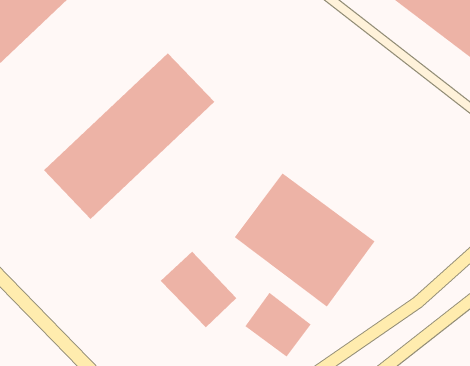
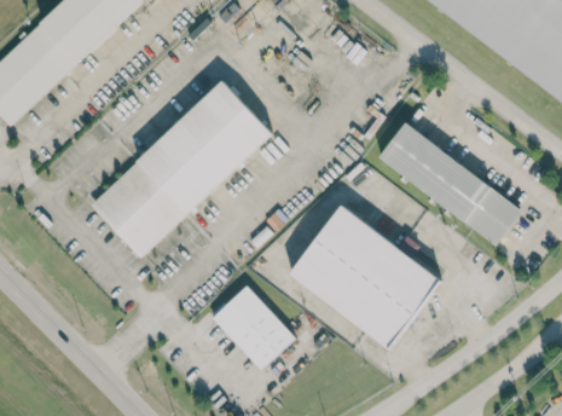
building: none -> [378,123,525,248]
building: [244,292,311,357] -> none

